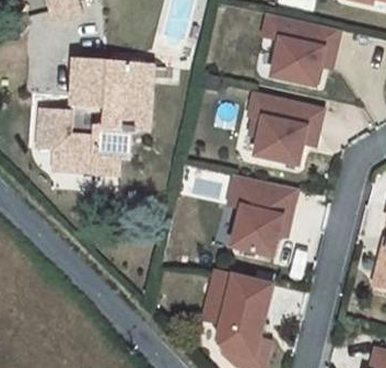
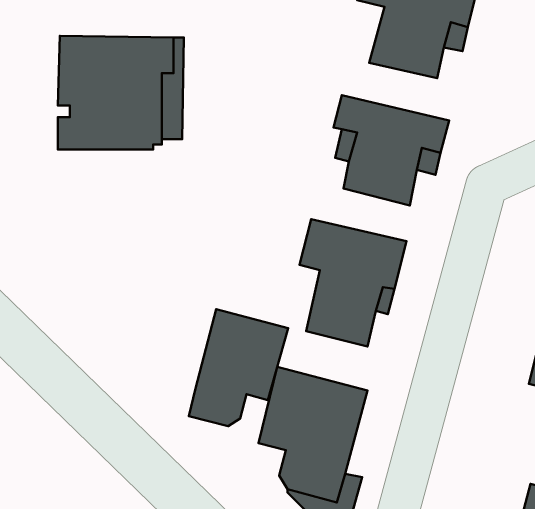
building: [42,110,133,168] -> none
building: none -> [189,309,288,426]

